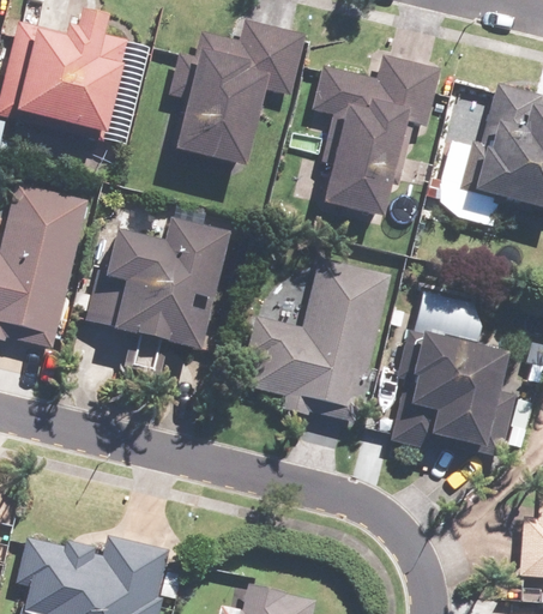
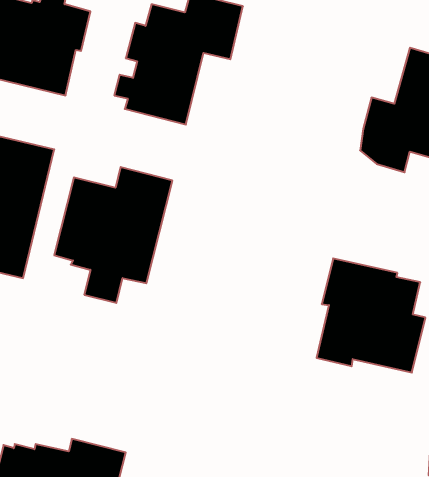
building: [314,54,444,221] -> none
building: [248,255,393,422] -> none

